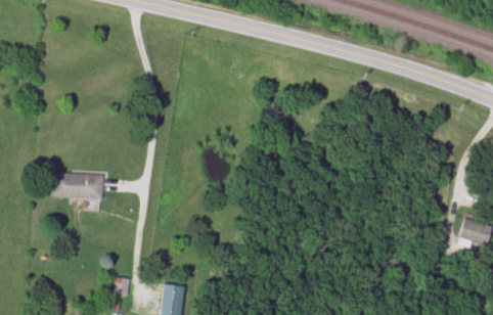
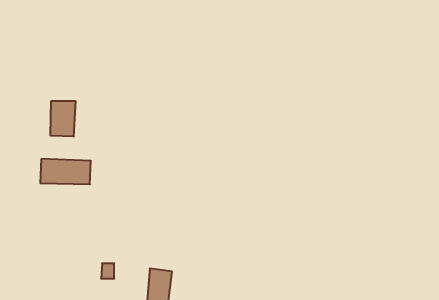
building: none -> [51,101,75,137]

